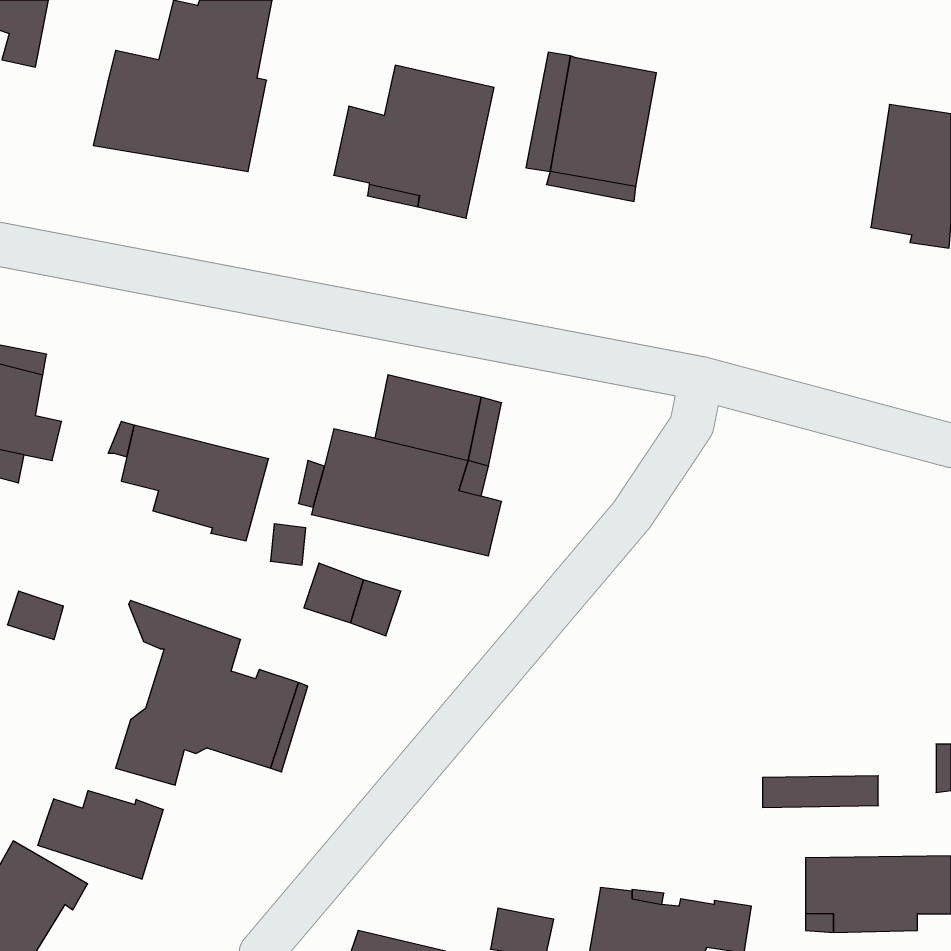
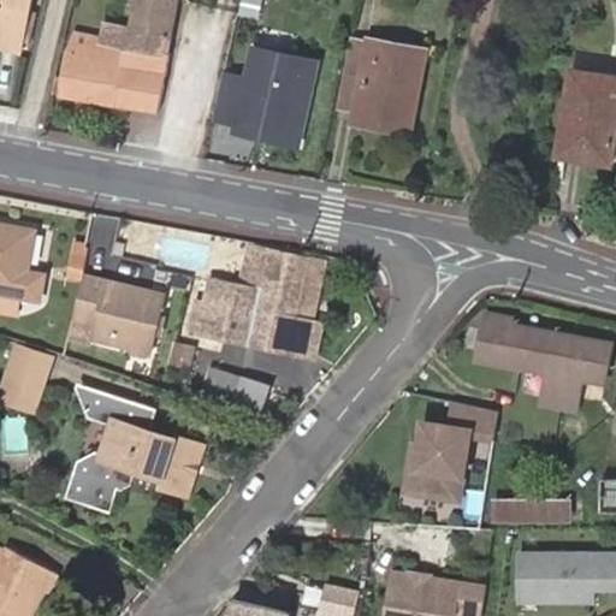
building: none -> [475,315,608,411]
building: none -> [12,346,53,392]
building: none -> [396,403,494,502]
building: [38,791,163,879] -> none

